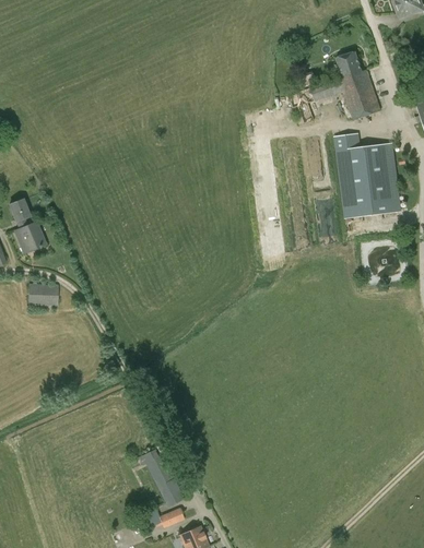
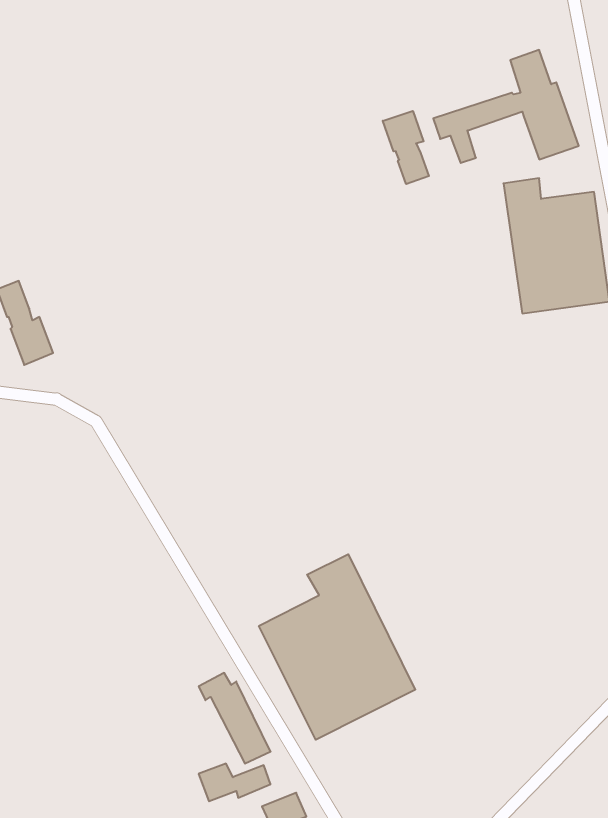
building: none -> [383,111,429,184]
building: [27,284,58,306] -> none
building: none -> [259,554,415,740]

